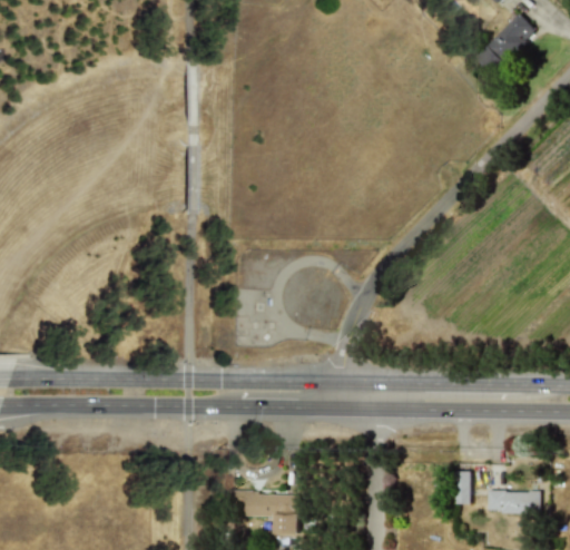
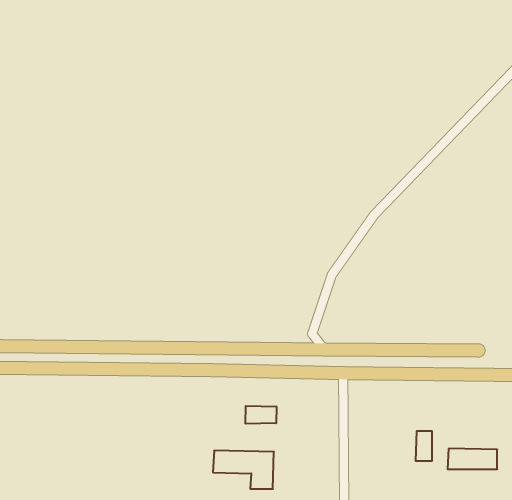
building: [475,13,537,75] -> none
building: none -> [245,406,276,424]

